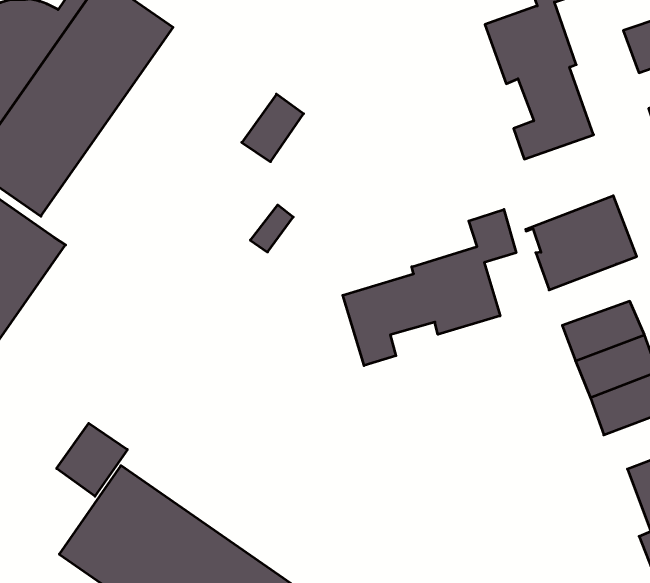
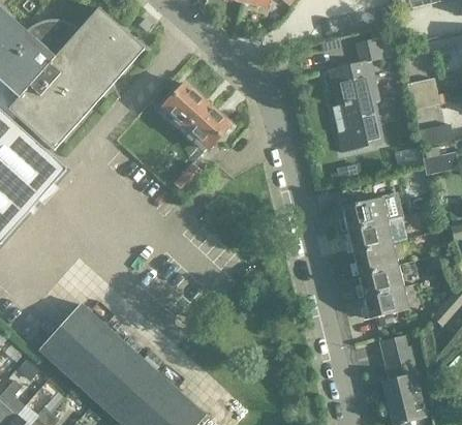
building: none -> [161,82,199,121]
building: none -> [191,109,229,148]
building: [343,209,516,366] -> none
building: none -> [345,219,392,251]
building: [57,423,127,496] -> none

